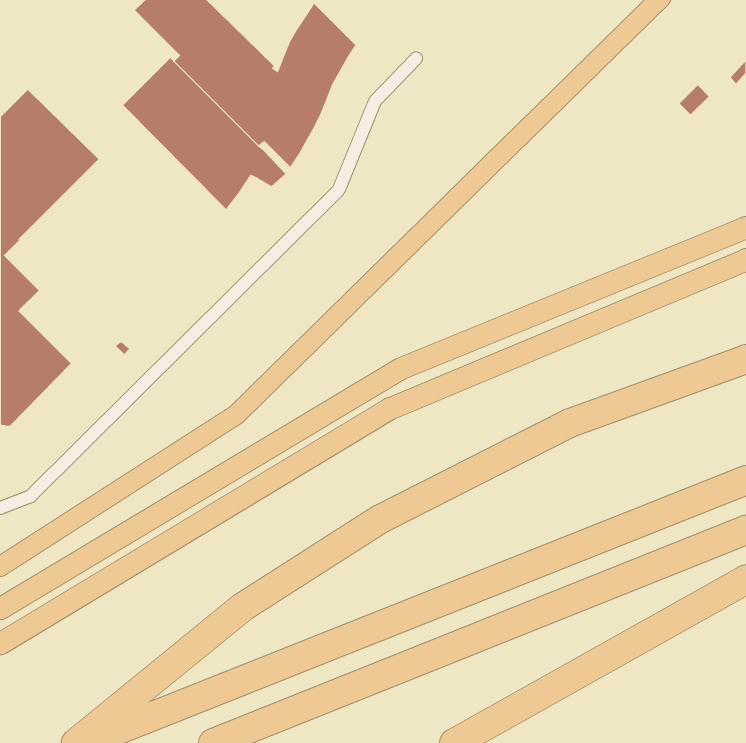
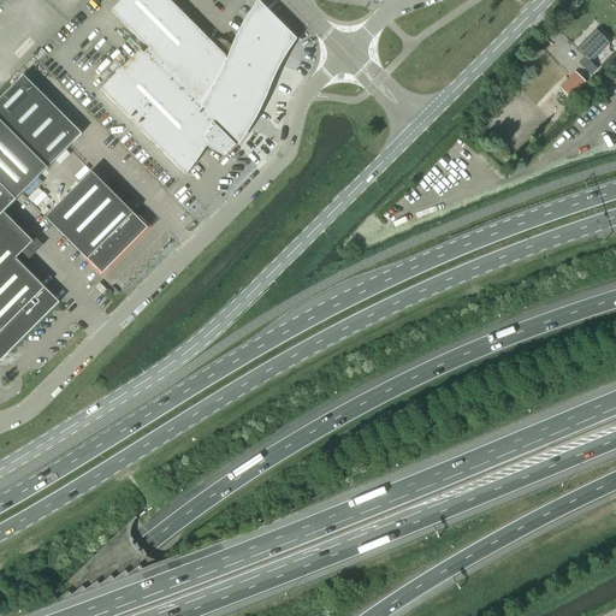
building: none -> [576,28,609,73]
building: none -> [46,170,148,272]

